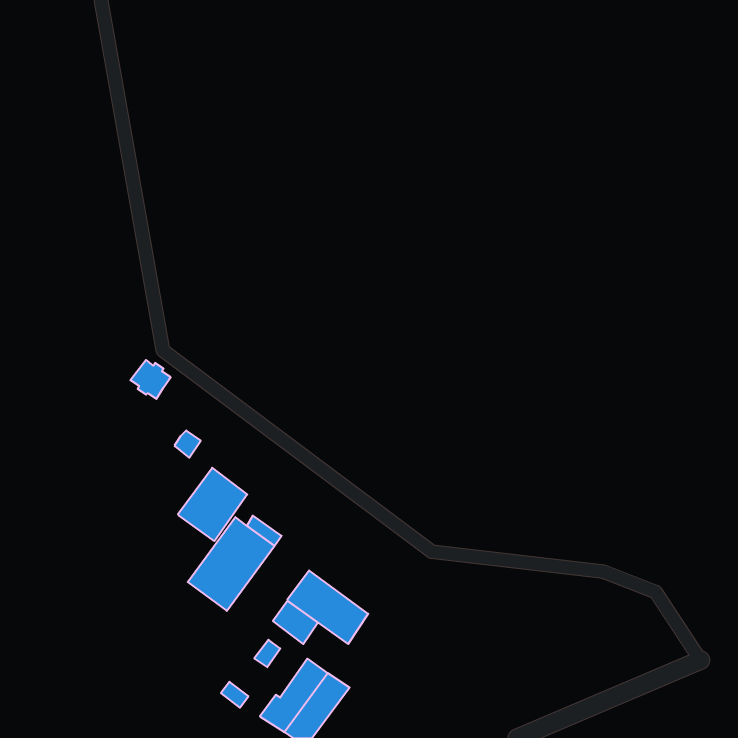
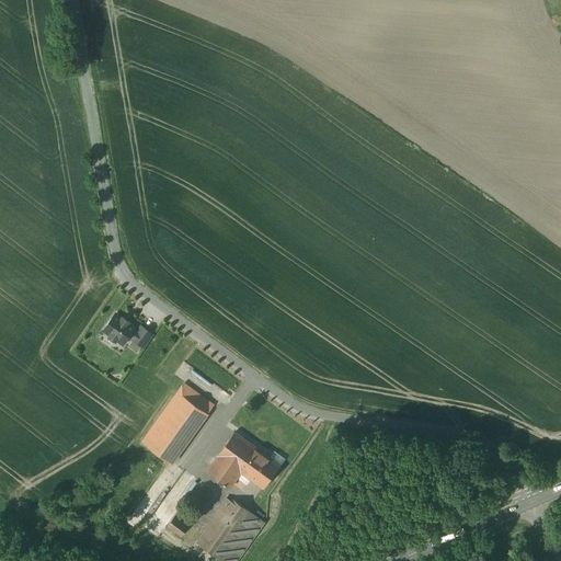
building: [130,360,171,399] -> [104,314,135,344]
building: [178,468,247,541] -> none

